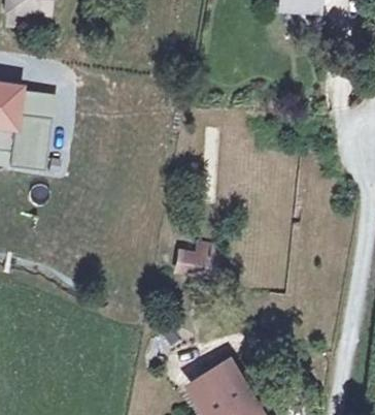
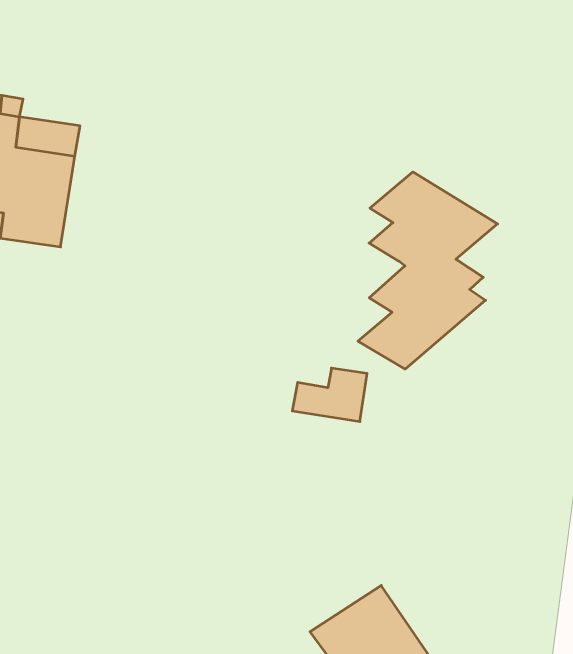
building: none -> [358,172,498,369]

